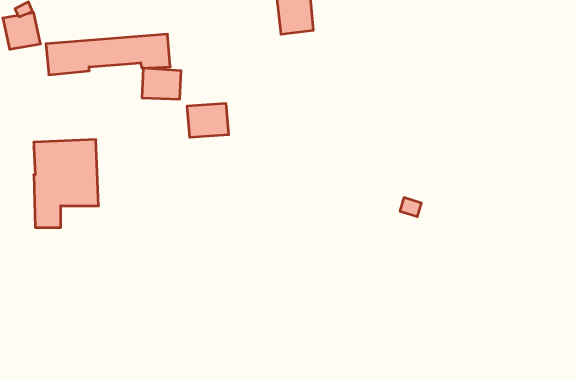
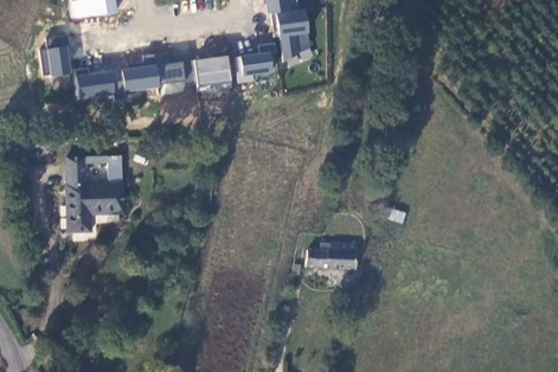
building: none -> [235,41,276,82]
building: [187,104,229,137] -> [194,56,231,85]
building: none -> [306,243,355,268]

